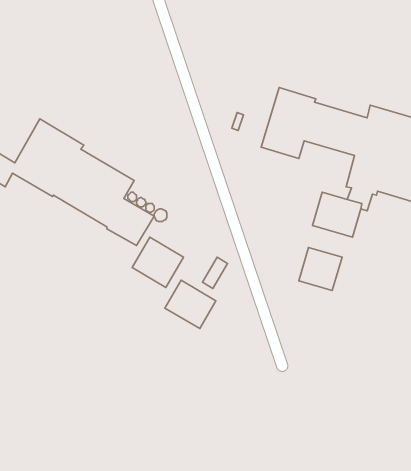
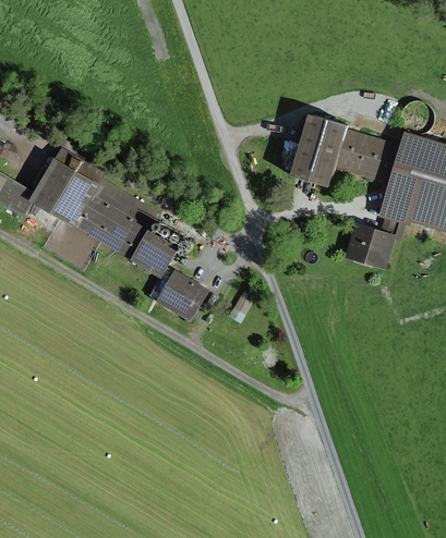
building: [299,248,342,291] -> none
building: [165,280,216,328] -> none

